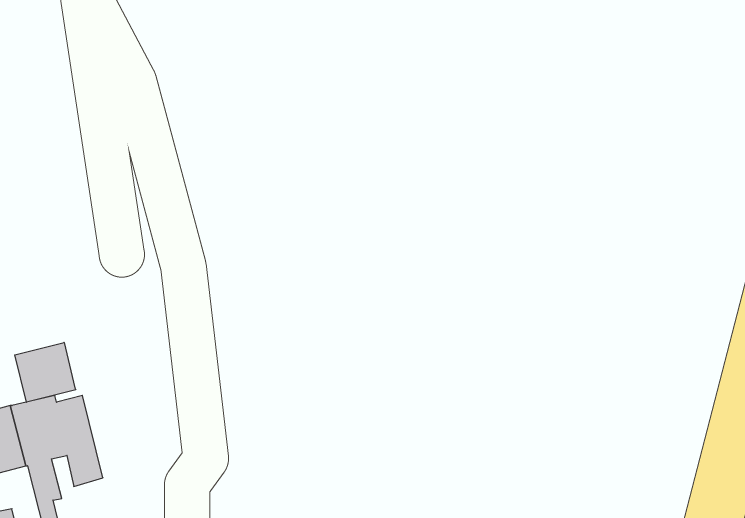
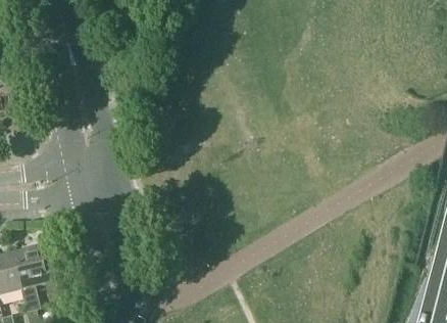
building: [15,342,76,402] -> none

